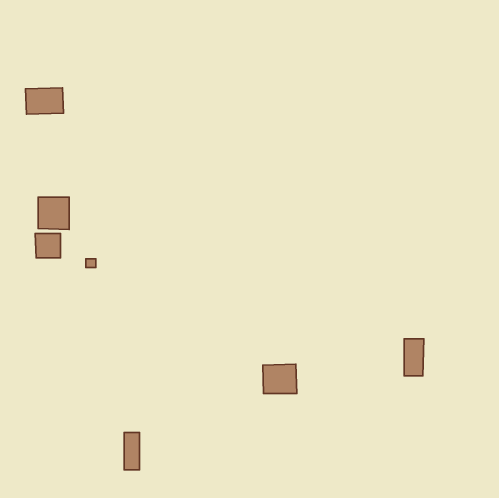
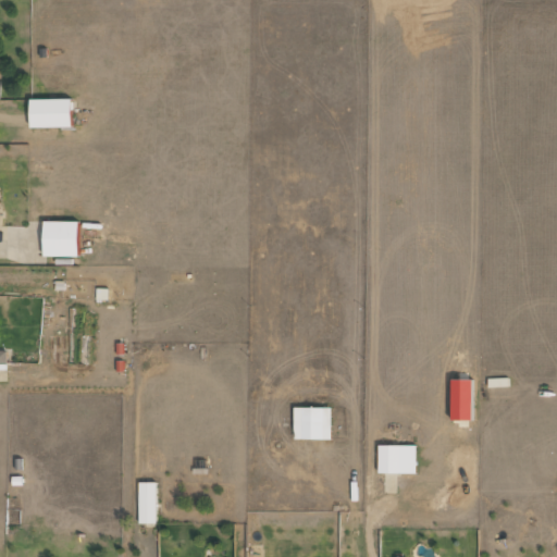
building: [35,233,60,258] -> none
building: none -> [377,445,414,473]

